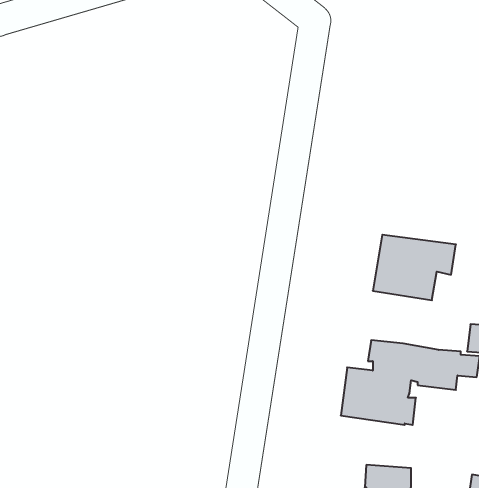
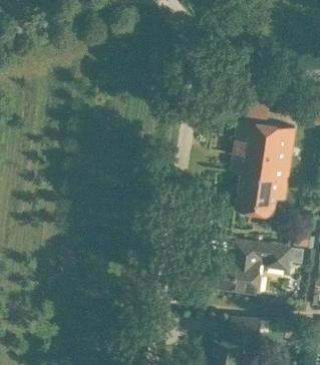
building: none -> [231,119,294,179]

